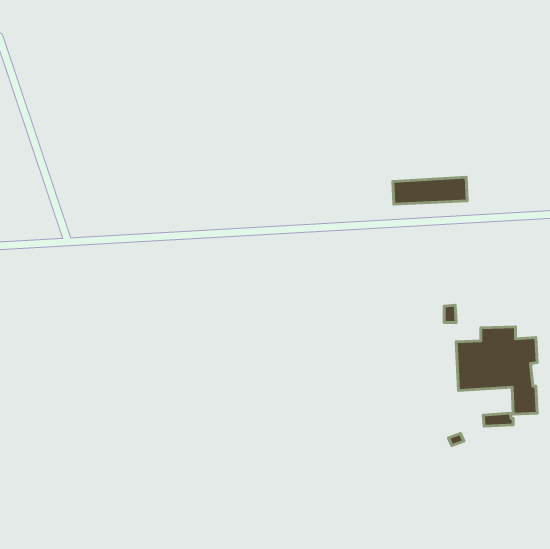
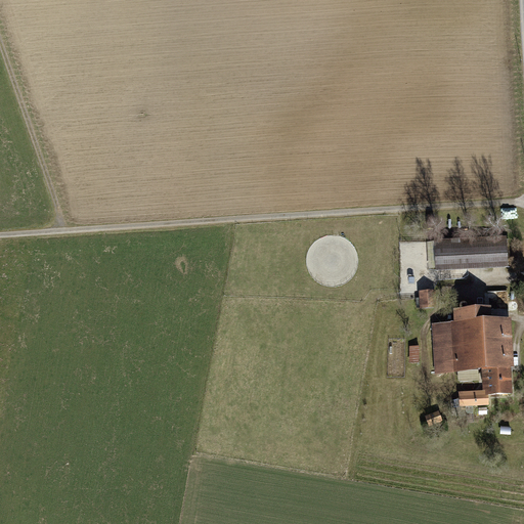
building: [393,177,467,204] -> [435,236,506,262]

